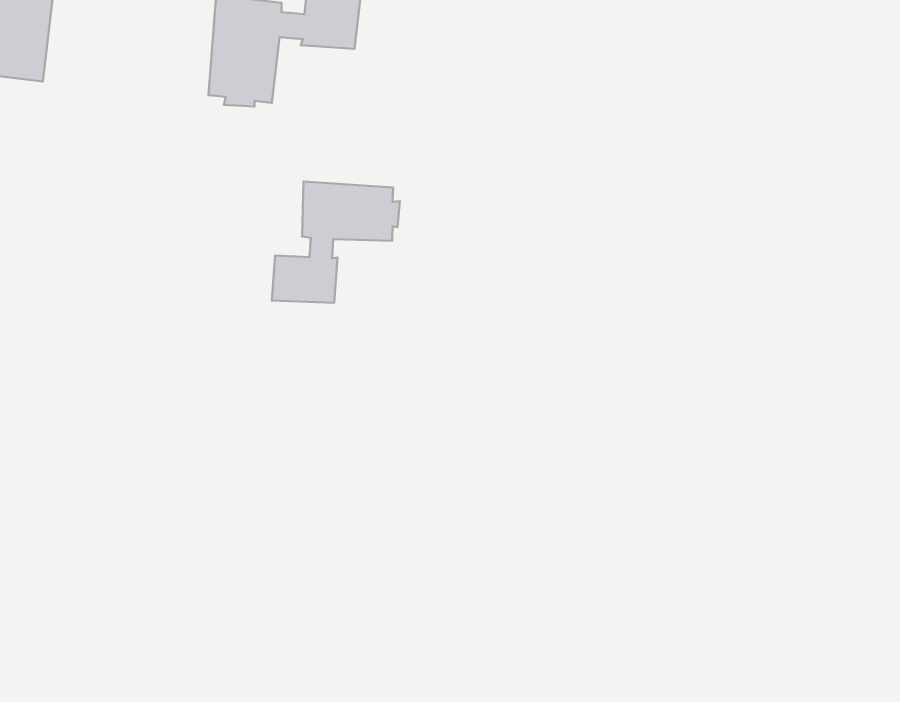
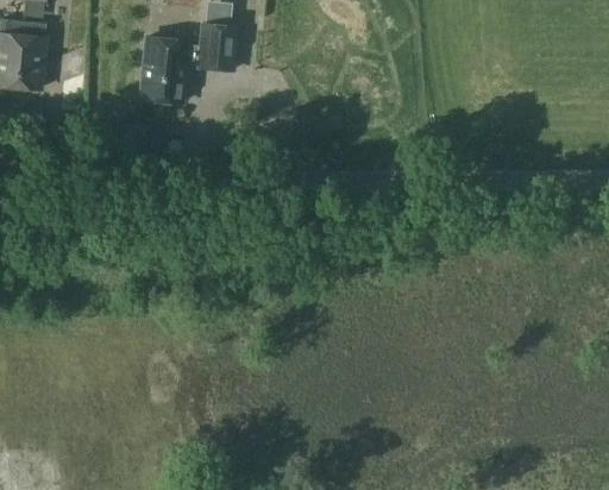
building: [272,181,400,303] -> none

